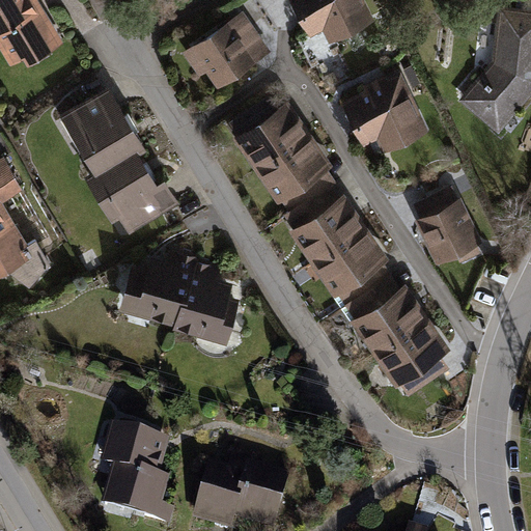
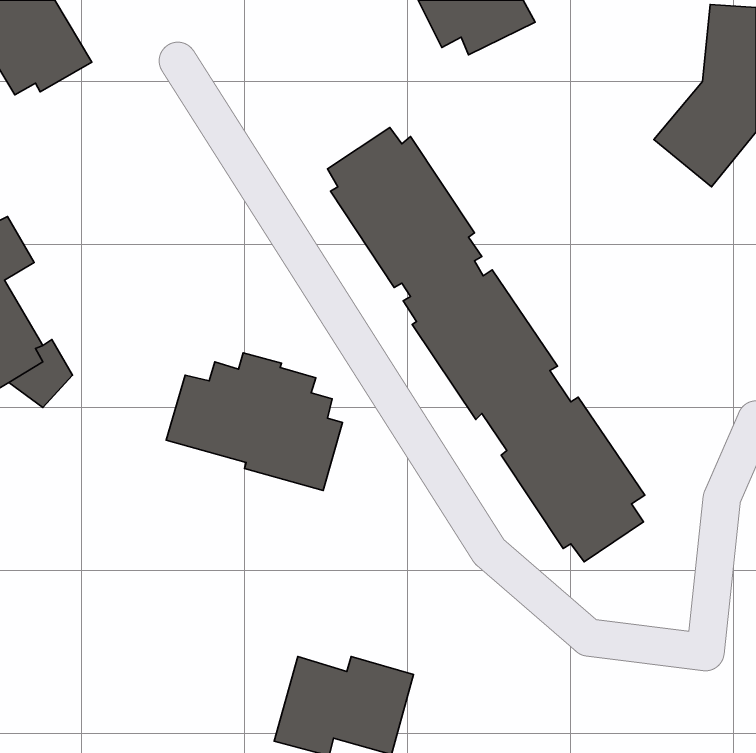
building: [181,10,270,88] -> none
building: [341,72,426,149] -> none
building: [59,84,183,232] -> none
building: [414,187,482,263] -> none
building: [97,424,174,526] -> none

